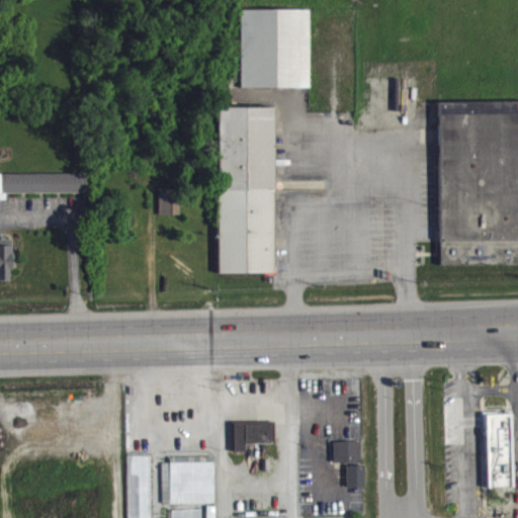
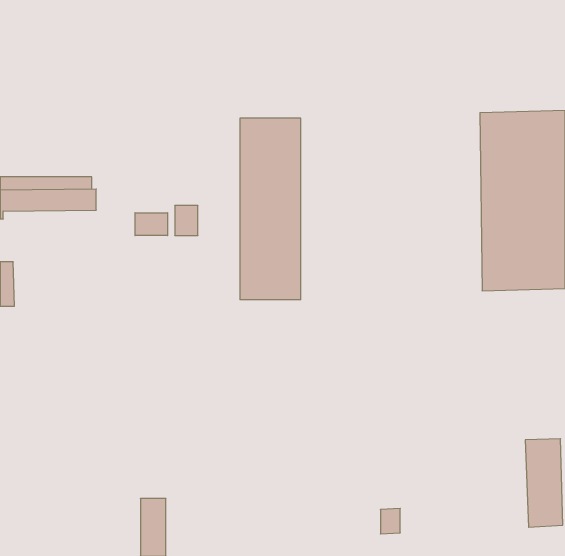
building: [242,10,311,88] -> none
building: none -> [135,213,168,236]
building: [235,424,276,452] -> none
building: [334,441,362,463] -> none
building: [171,462,215,505] -> none

